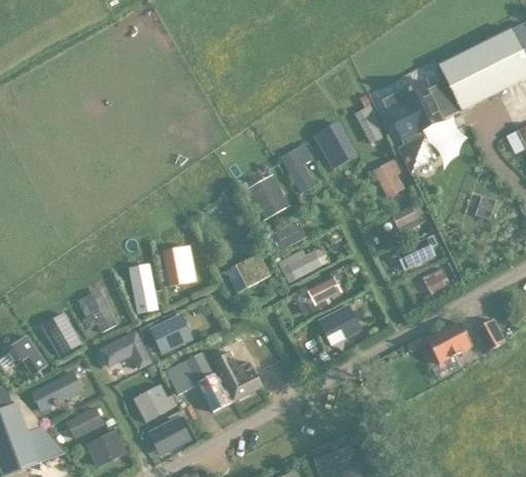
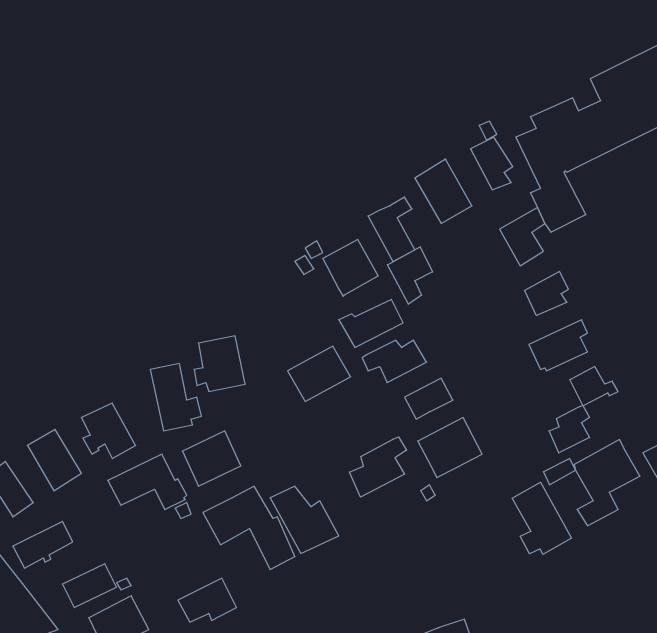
building: none -> [387,247,433,304]
building: none -> [549,406,590,453]
building: none -> [349,437,407,497]
building: none -> [512,482,571,554]
building: [134,384,172,422] -> none

